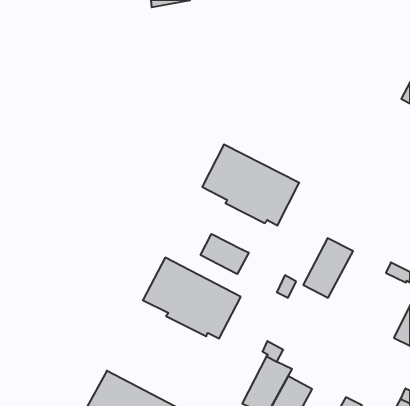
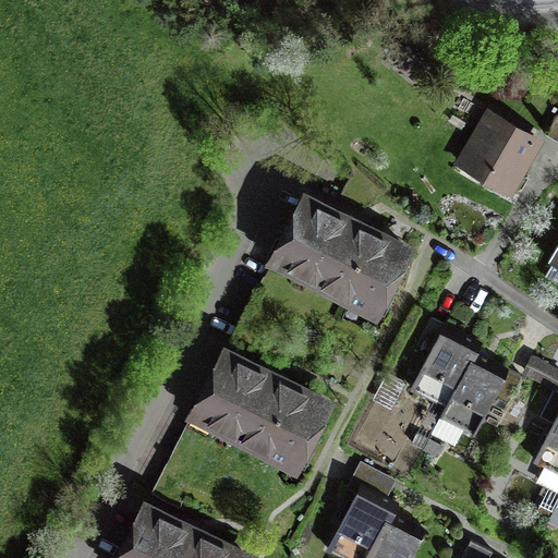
building: none -> [468,120,535,192]
building: [201,234,249,274] -> none
building: none -> [433,356,508,447]

